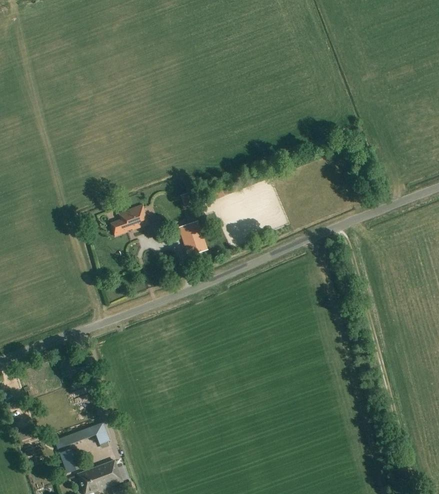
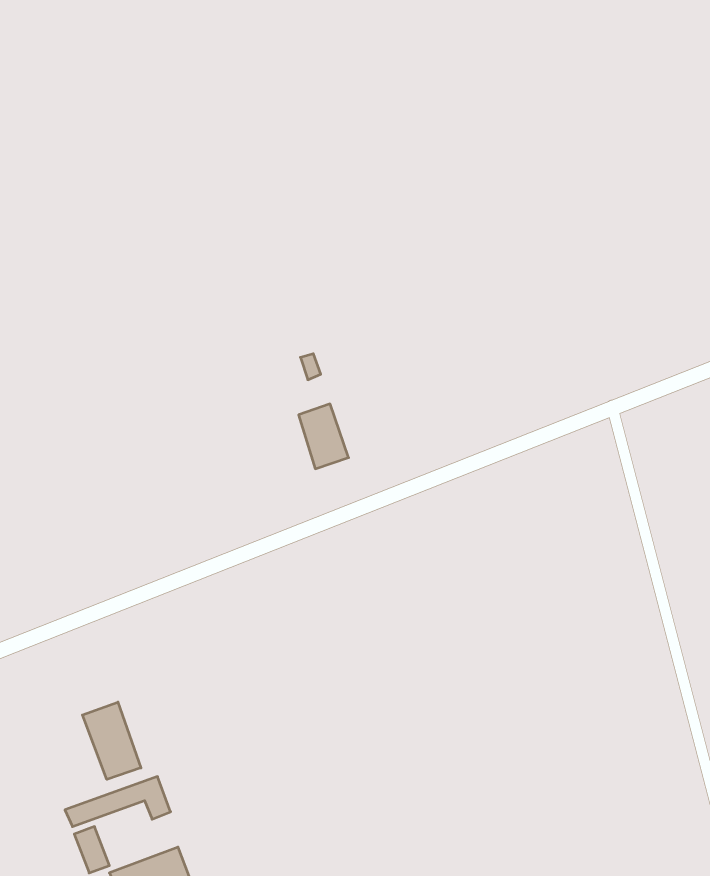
building: [110,203,150,235] -> none
building: none -> [82,702,141,779]

